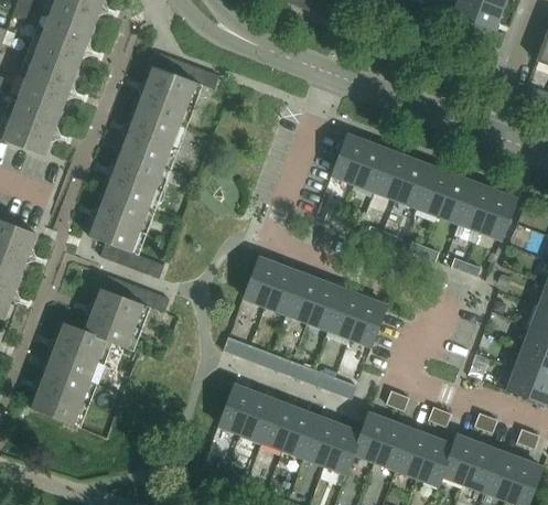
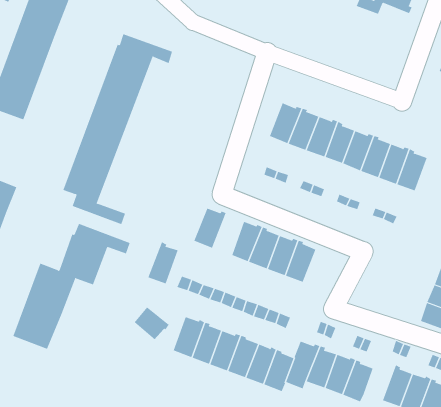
building: [265,264,301,313] -> [147,242,178,284]
building: none -> [134,306,170,340]
building: [442,436,479,483] -> none

